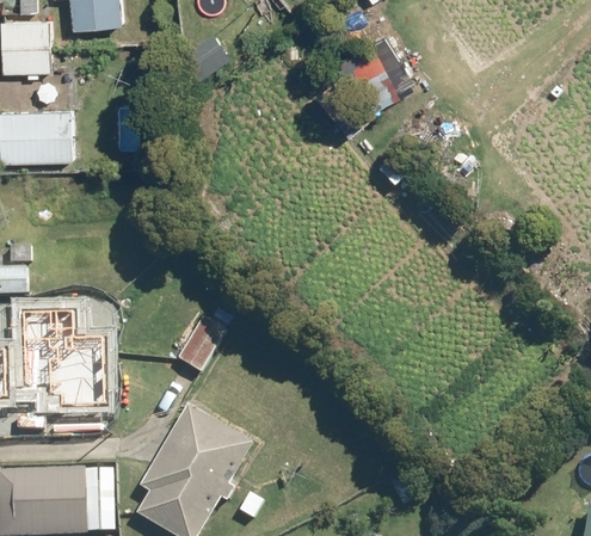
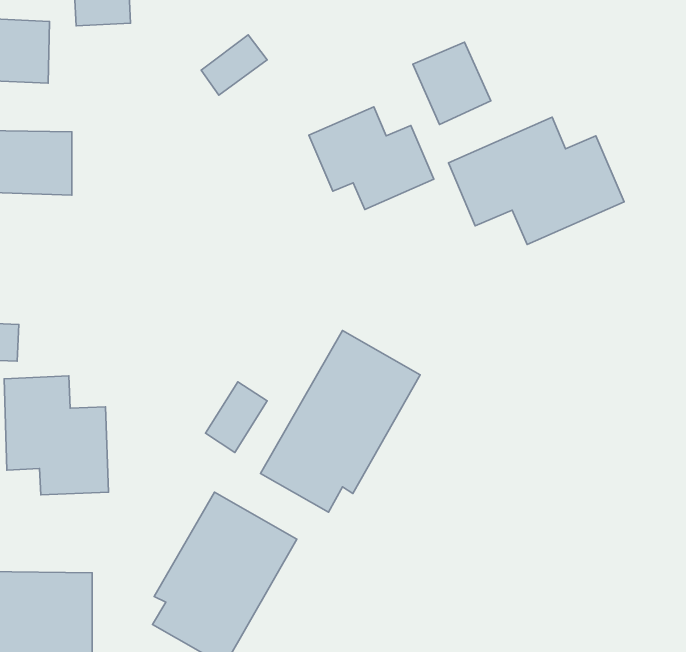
building: none -> [309,107,434,210]
building: none -> [449,117,624,244]
building: none -> [261,330,420,512]

